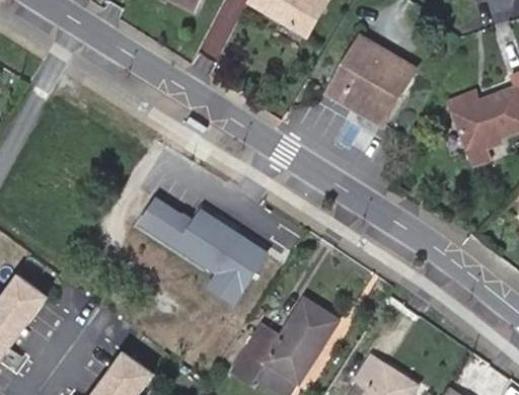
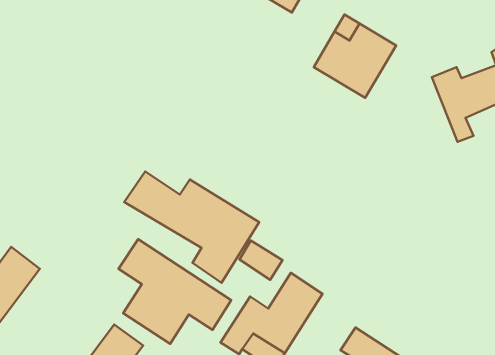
building: none -> [118,239,231,344]
building: none -> [239,240,282,280]

